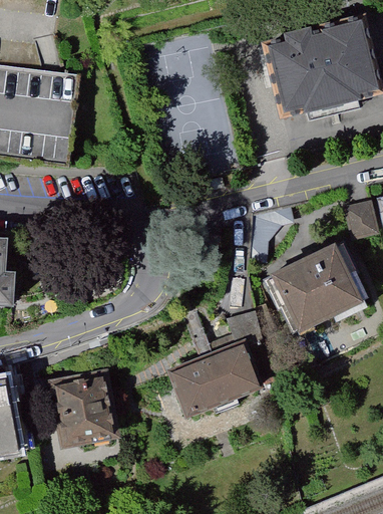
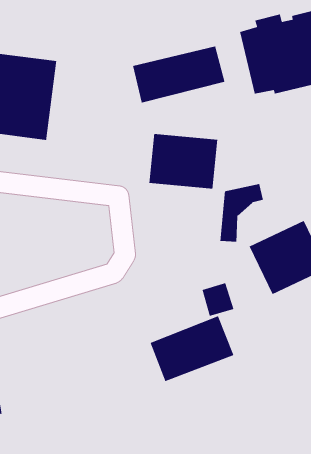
building: none -> [132,46,225,103]
building: none -> [149,133,218,189]
building: [53,375,112,442] -> none

